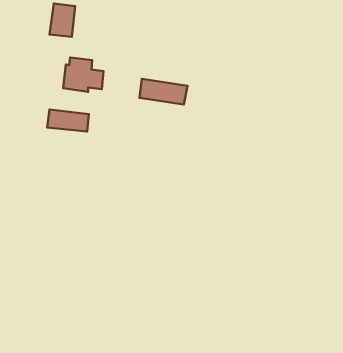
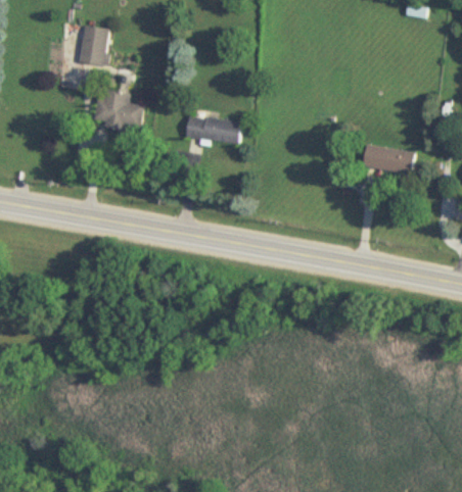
building: none -> [361,144,414,175]
building: [47,110,89,131] -> none

